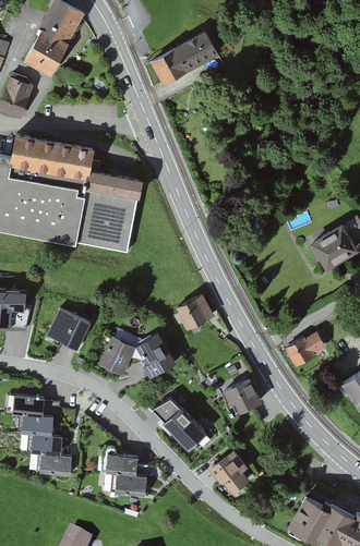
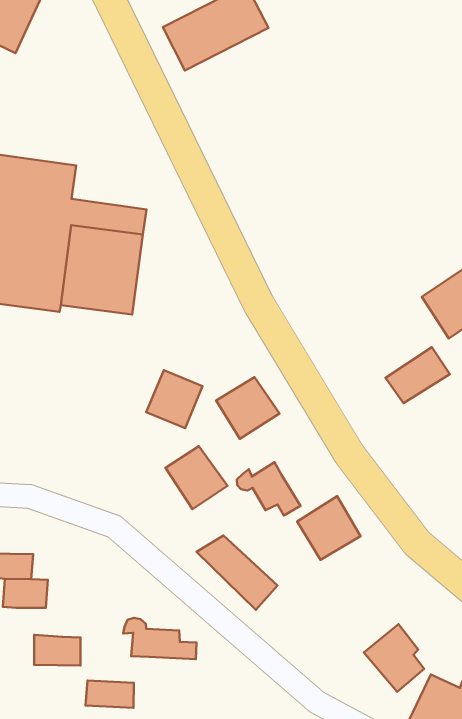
building: [47,311,93,353] -> none
building: [284,329,326,365] -> [386,347,450,403]
building: [98,338,136,377] -> [146,370,203,428]
building: none -> [237,462,300,516]
building: [32,437,63,458] -> none
building: [211,452,250,497] -> [364,624,424,692]
building: [117,474,149,494] -> [86,681,134,708]

